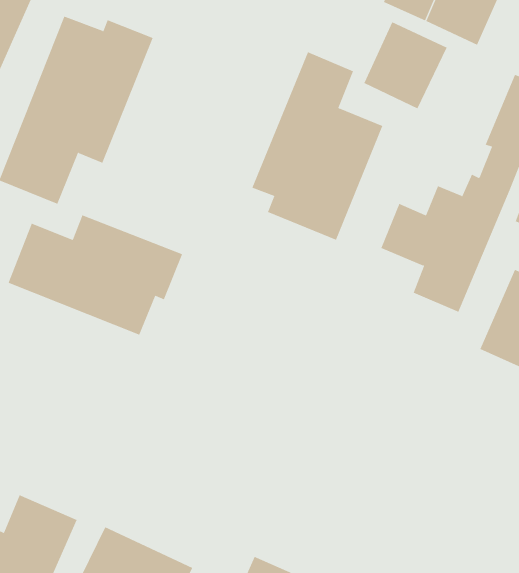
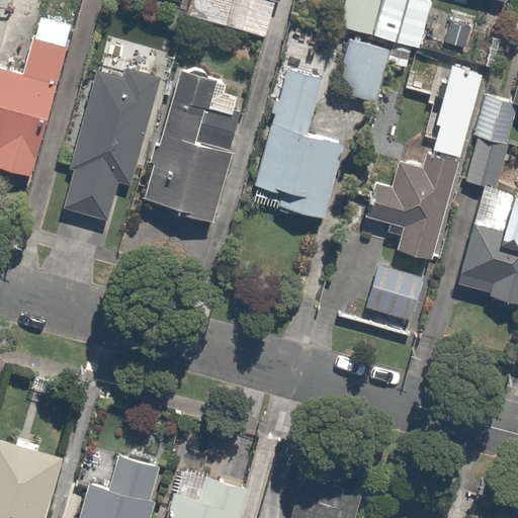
building: none -> [142,69,240,219]
building: [8,214,183,335] -> none
building: none -> [365,265,423,321]

